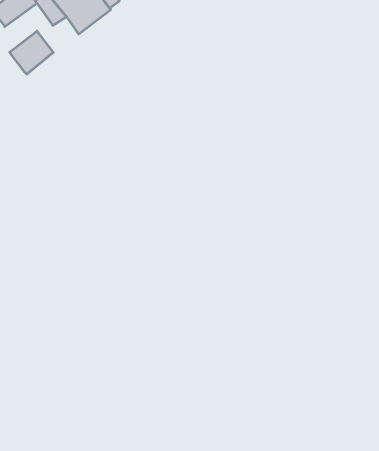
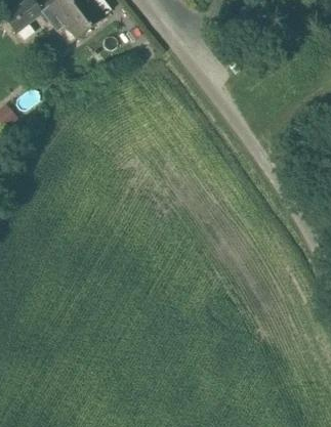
building: [10,31,53,74] -> none

